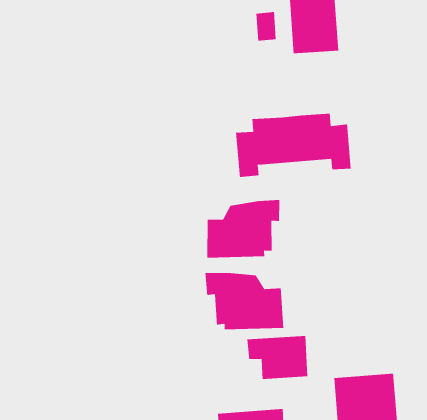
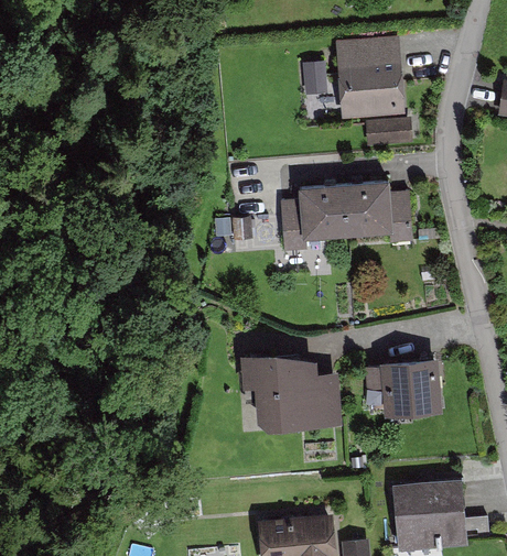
building: none -> [365,118,412,146]
building: [207,199,280,259] -> none
building: [246,335,308,380] -> [368,362,439,413]

